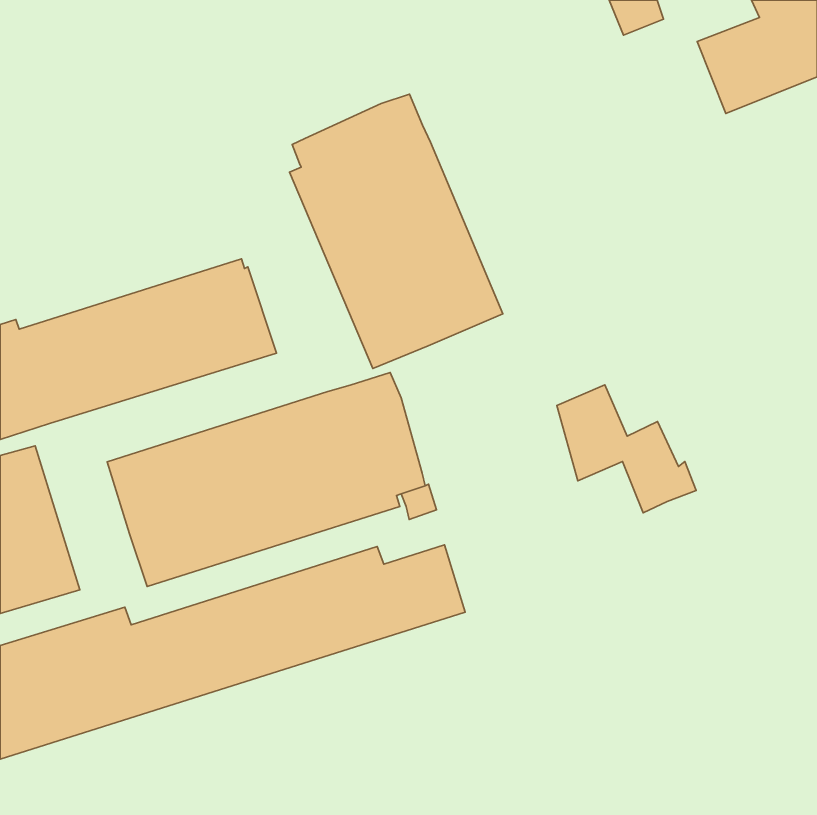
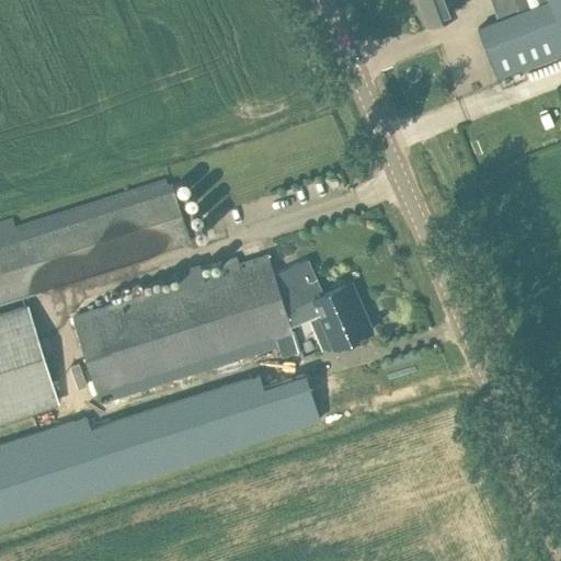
building: [290,94,503,368] -> none
building: [557,385,696,513] -> [275,260,370,347]

